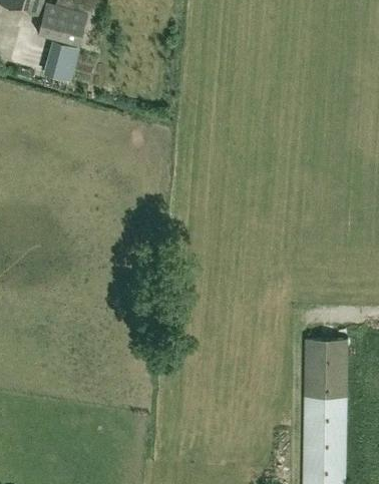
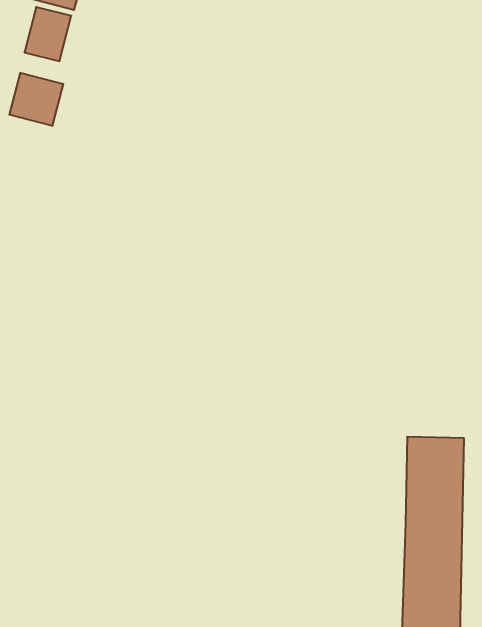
building: none -> [9,73,63,126]

